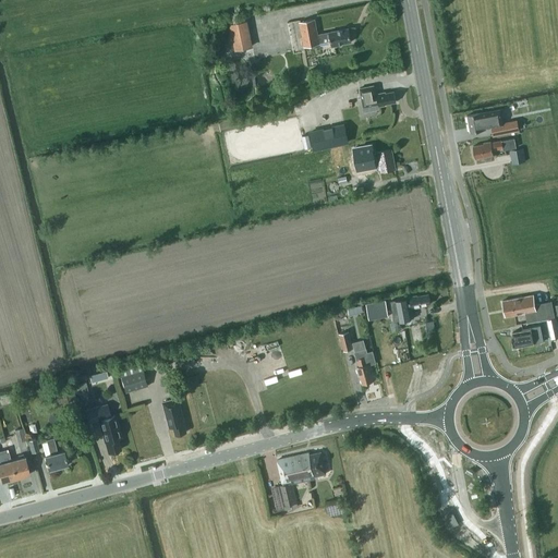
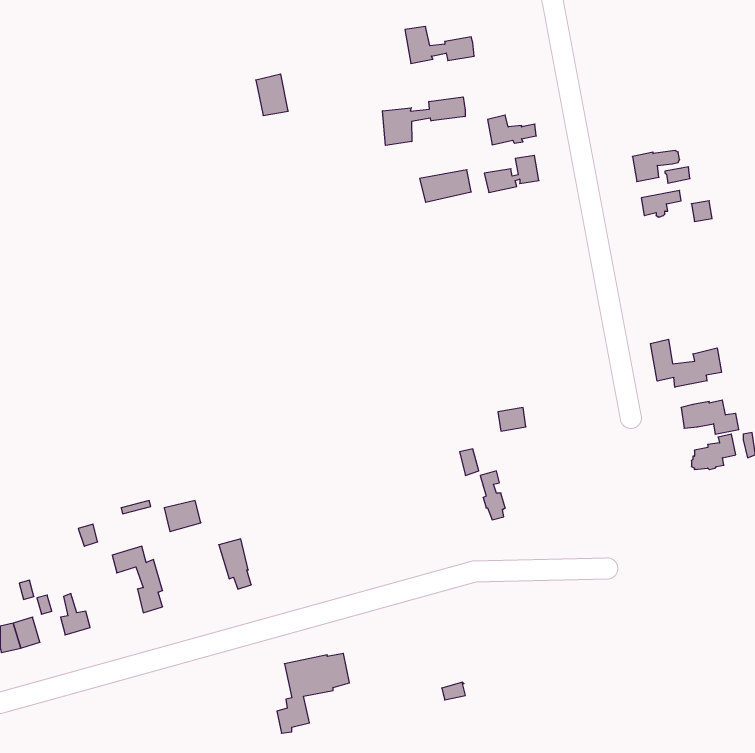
building: [229,21,253,51] -> [256,74,288,115]
building: none -> [383,97,465,145]
building: [355,150,396,178] -> [484,155,539,192]
building: none -> [650,339,721,387]
building: [390,295,429,323] -> none
building: [271,453,325,512] -> [277,653,349,733]

